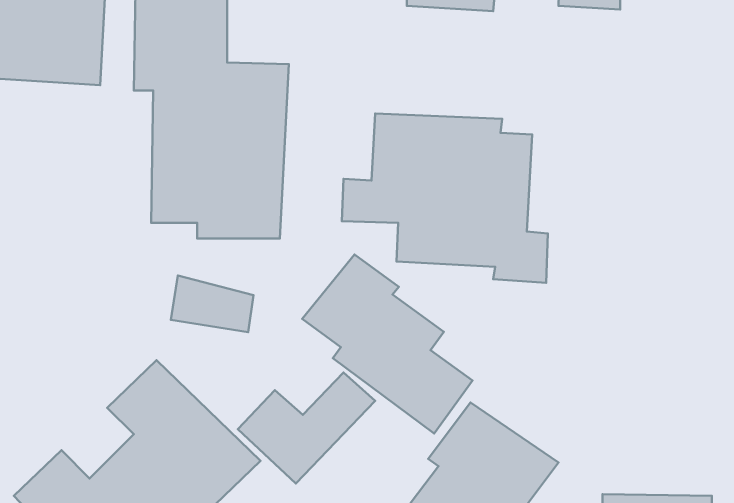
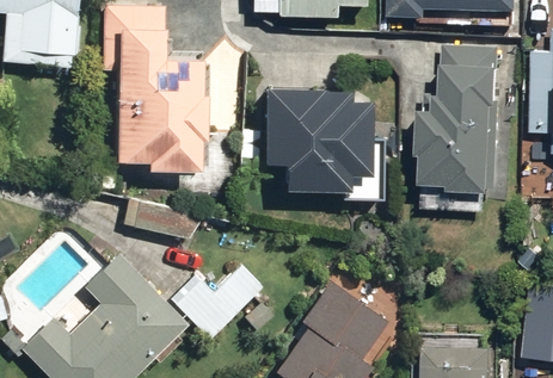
building: none -> [419,43,499,209]
building: [302,254,473,434] -> none

